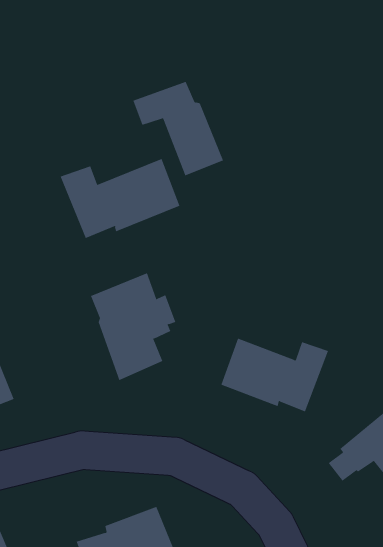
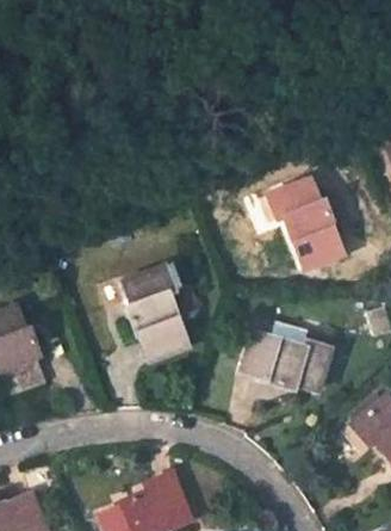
building: [133,81,224,176] -> [257,183,341,270]
building: [60,158,180,239] -> none

